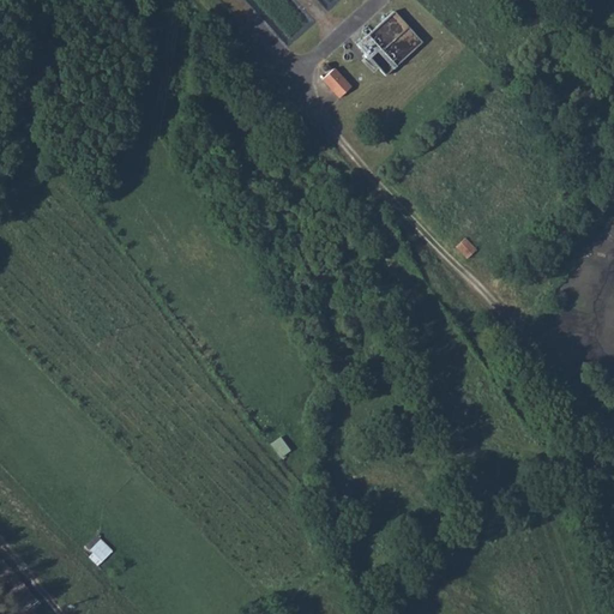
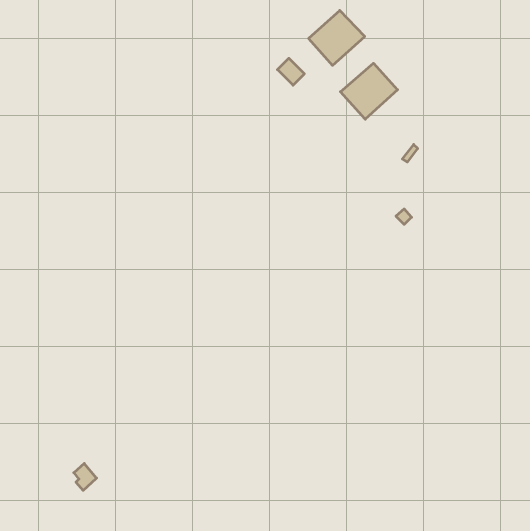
building: none -> [340,63,398,119]

